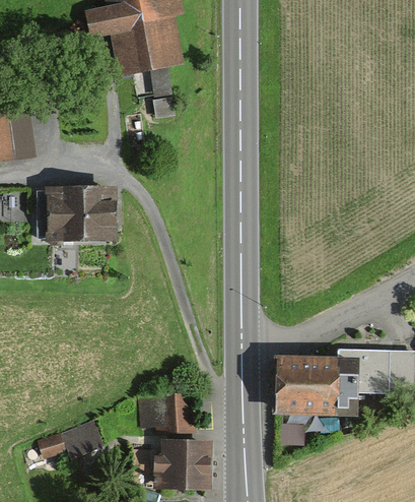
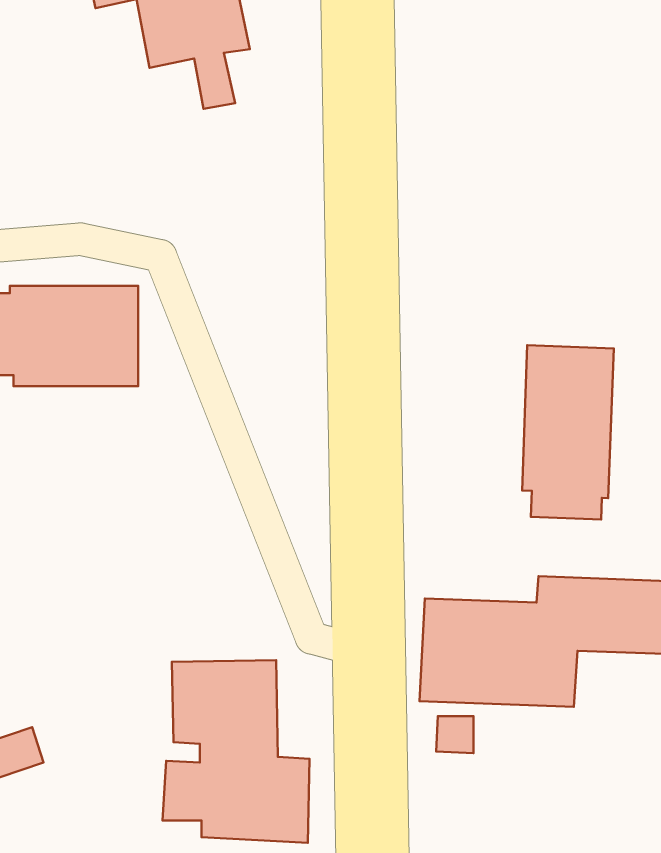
building: none -> [522,345,614,520]
building: [63,419,105,458] -> none

